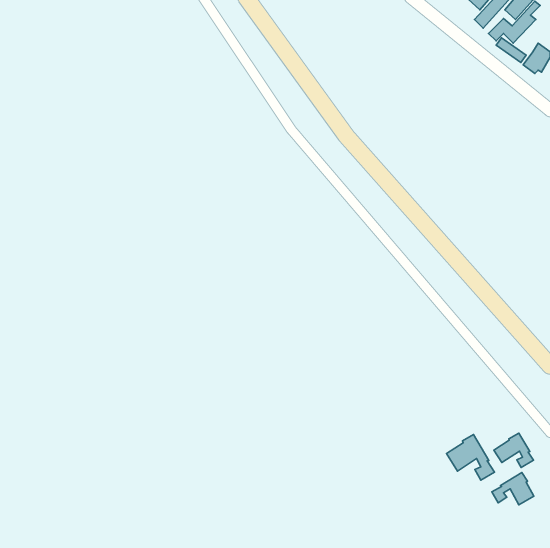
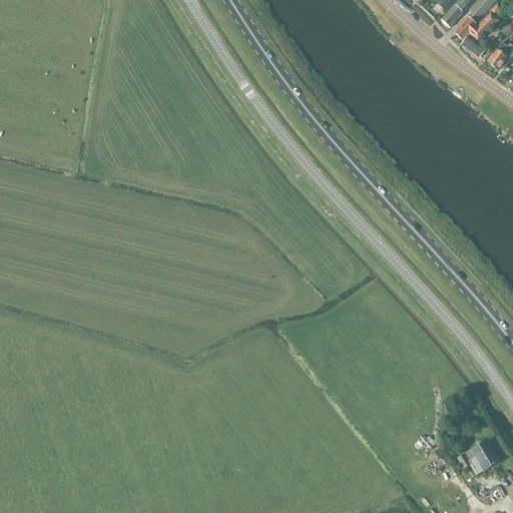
building: [494,433,534,467] -> none
building: [447,435,494,480] -> none

